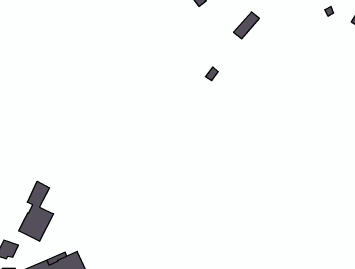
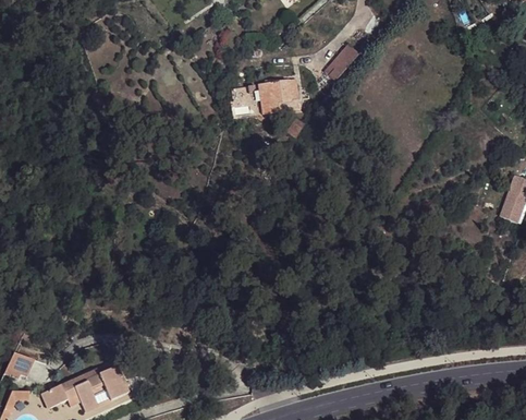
building: none -> [258,77,301,112]
building: [19,181,54,241] -> none

